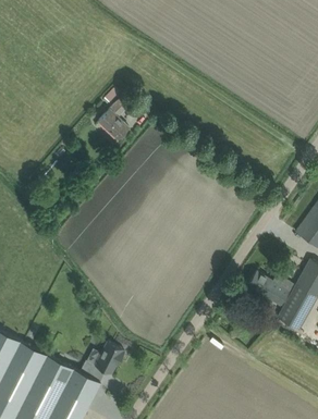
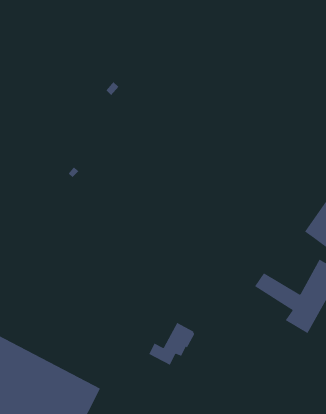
building: [98,94,132,139] -> none
building: [79,341,124,382] -> [149,322,195,366]

